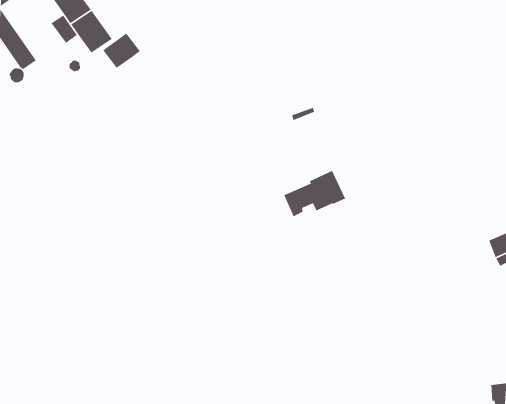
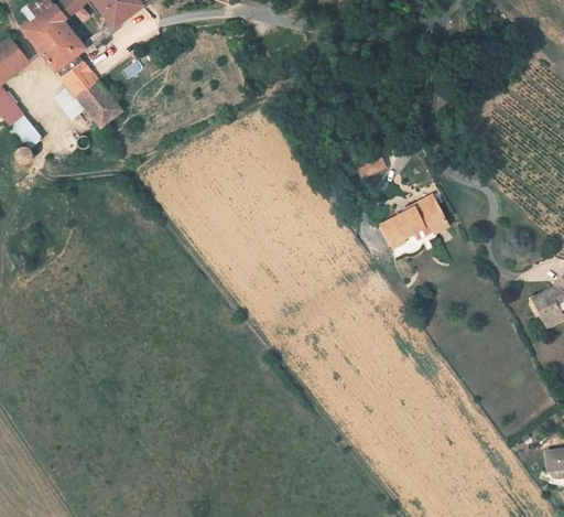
building: [102,33,141,69] -> none
building: none -> [354,149,384,176]
building: [283,170,346,217] -> [381,195,448,248]

